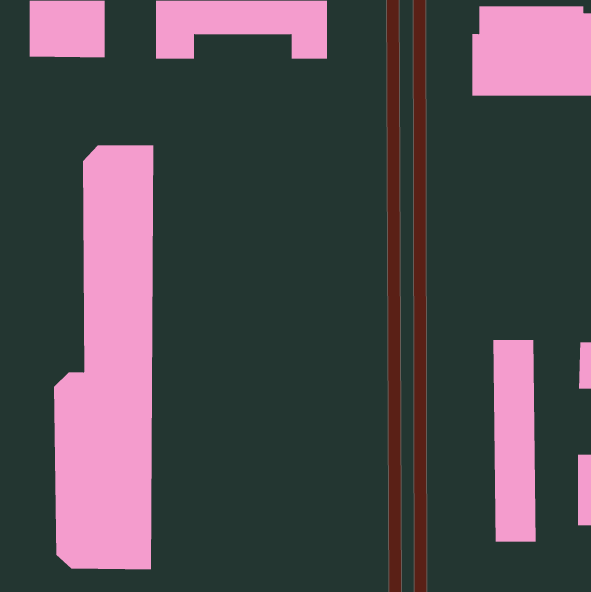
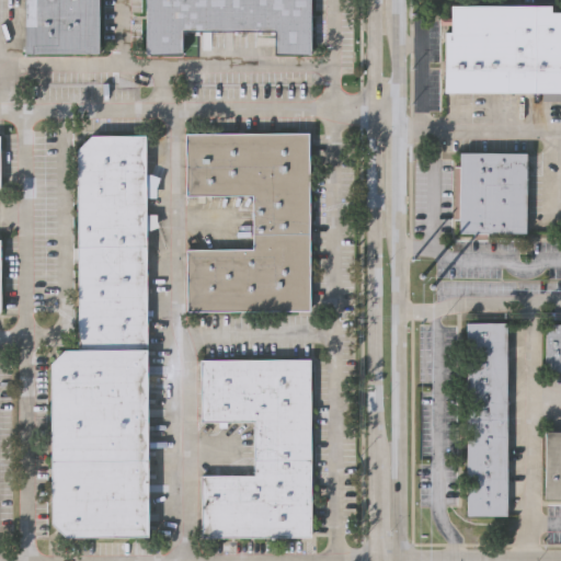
building: none -> [188,135,313,313]
building: none -> [462,152,529,233]
building: none -> [201,358,310,537]

